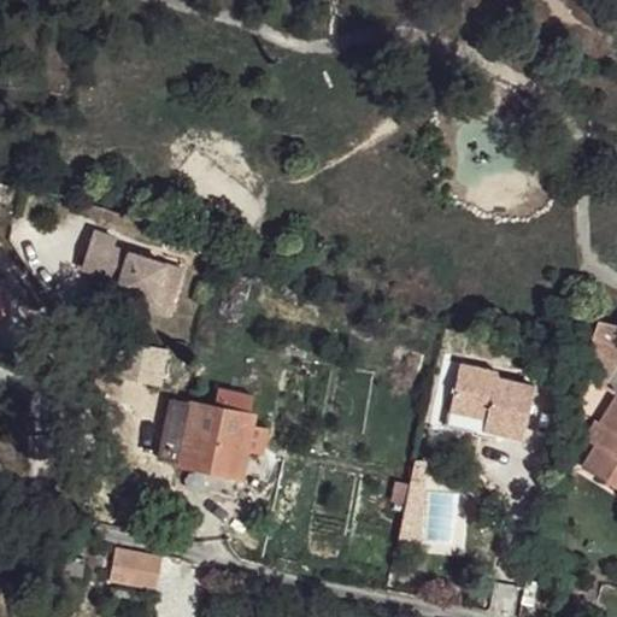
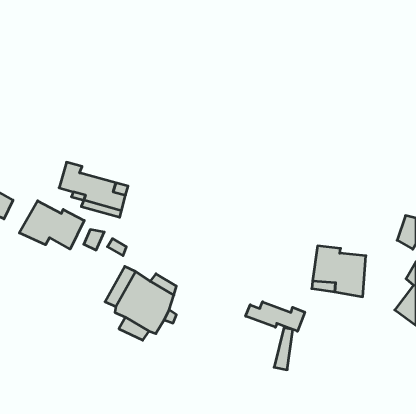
building: none -> [19,201,84,249]
building: none -> [246,302,305,331]
building: [100,542,155,584] -> none

